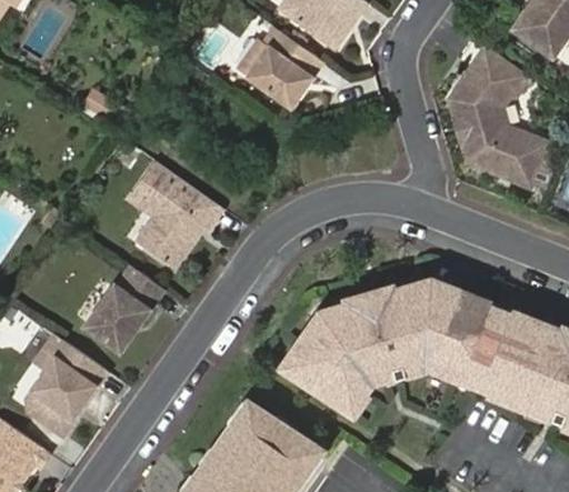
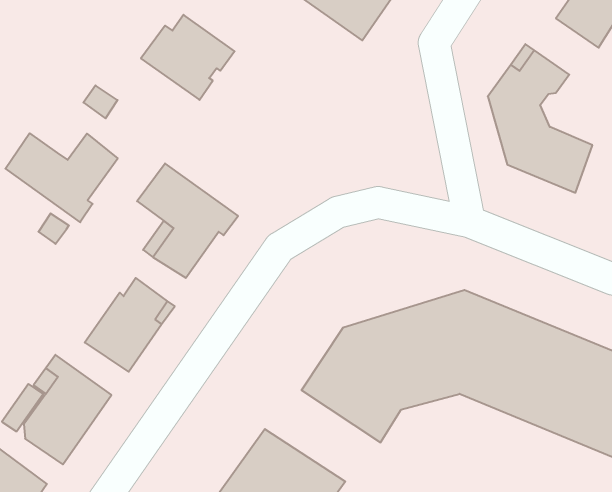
building: [238,29,323,107] -> [141,15,235,100]
building: none -> [5,133,118,222]

